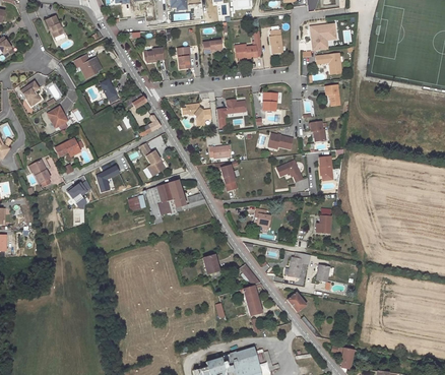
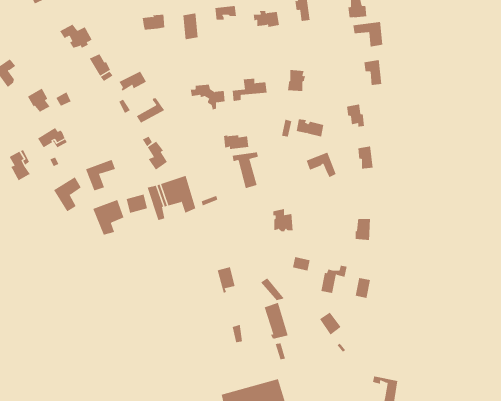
building: none -> [92,199,124,236]

